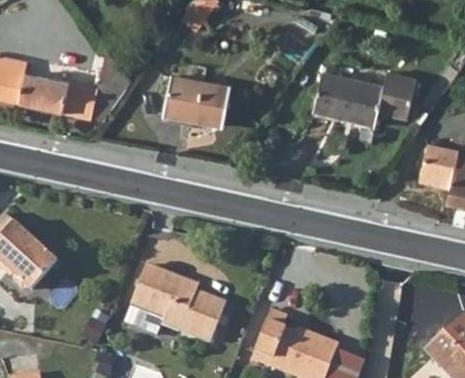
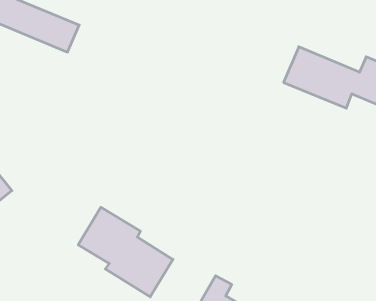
building: [163,78,230,129] -> none

